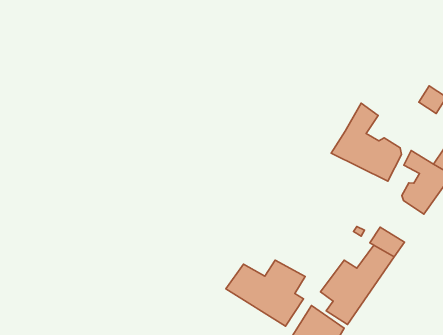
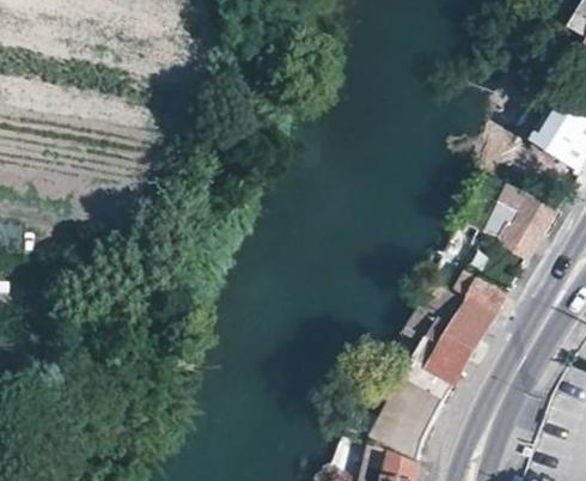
building: [331,103,401,181] -> none
building: [226,260,305,326] -> none

